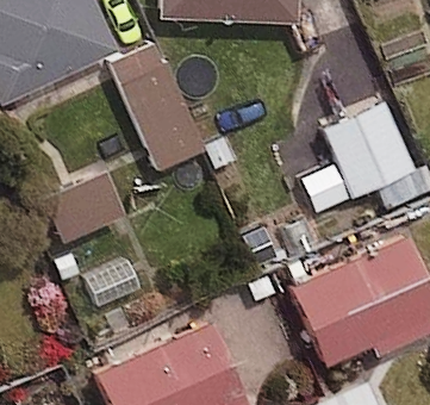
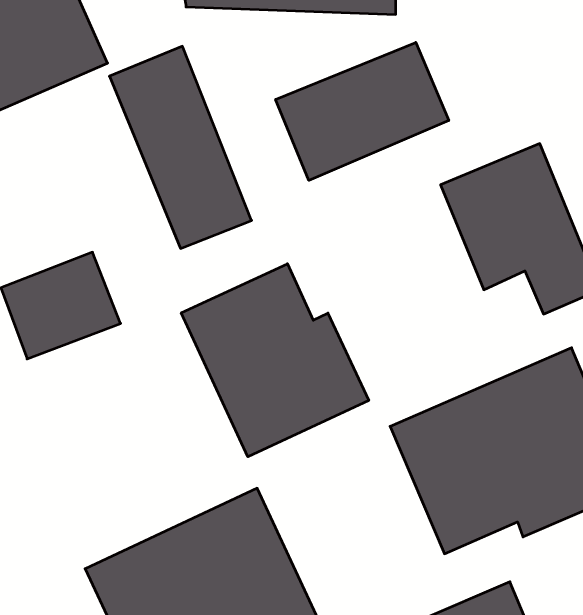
building: none -> [276,42,449,180]
building: none -> [181,264,369,457]

